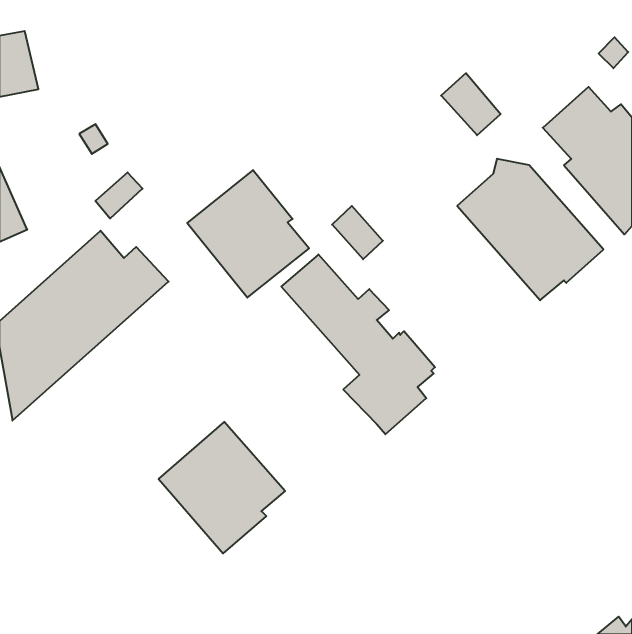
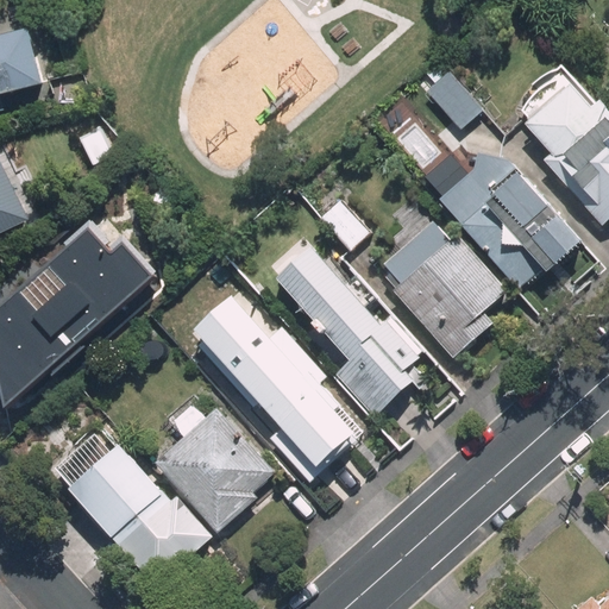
building: [187,170,309,298] -> none
building: none -> [382,220,504,357]
building: none -> [199,288,368,473]
building: none -> [64,445,209,588]

